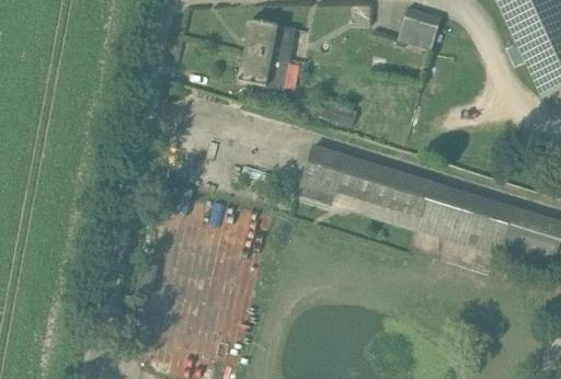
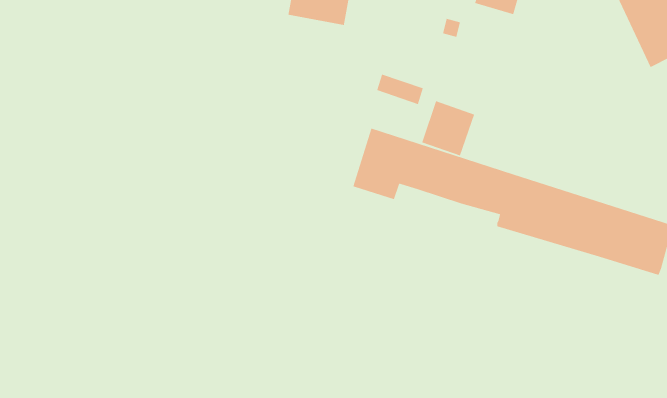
building: [239,50,291,90] -> none
building: none -> [421,100,475,157]

